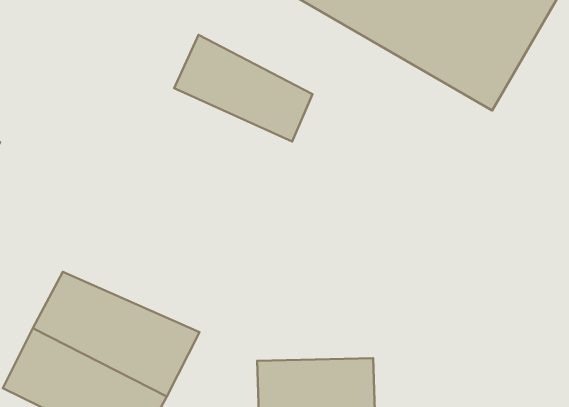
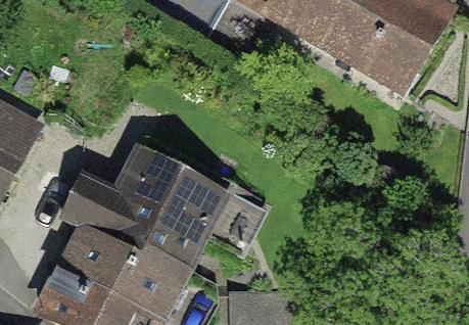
building: [174,35,312,142] -> none
building: none -> [61,148,223,267]

